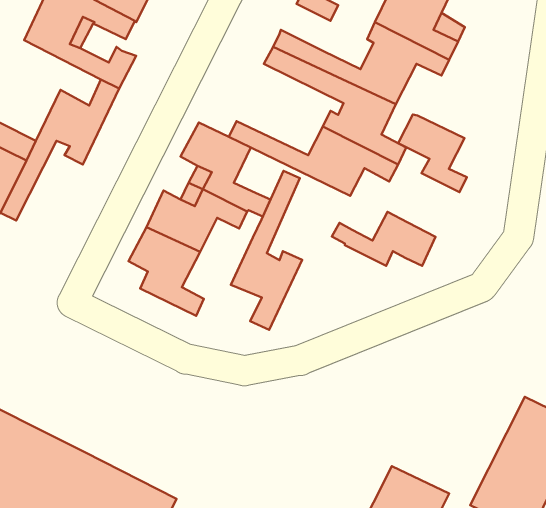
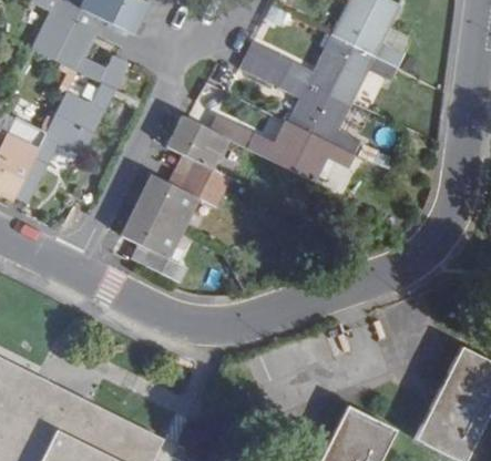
building: [398,115,467,192] -> none
building: [231,171,302,330] -> none
building: [332,212,435,266] -> none

